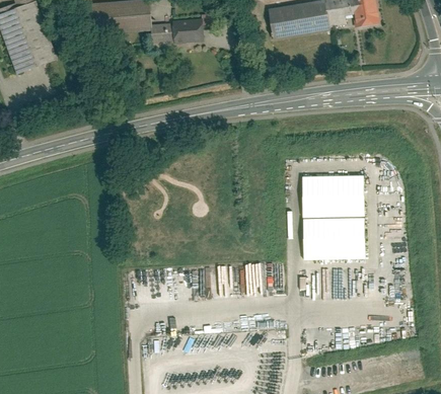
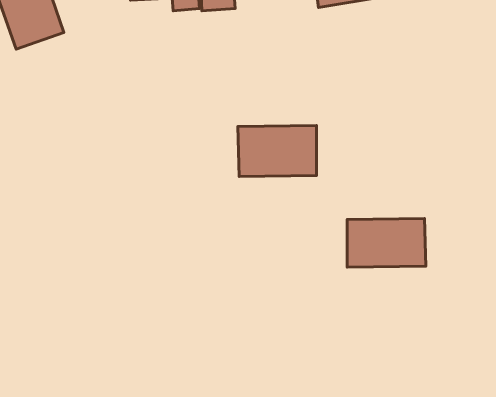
building: [297,175,364,219] -> [238,125,317,177]

